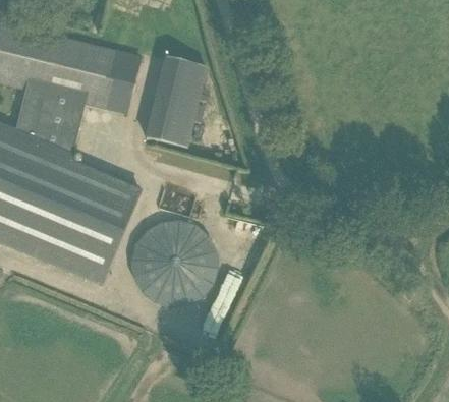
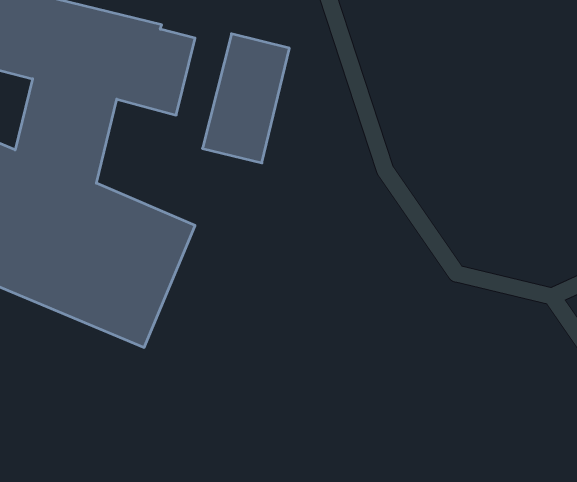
building: [118,209,229,307] -> none

